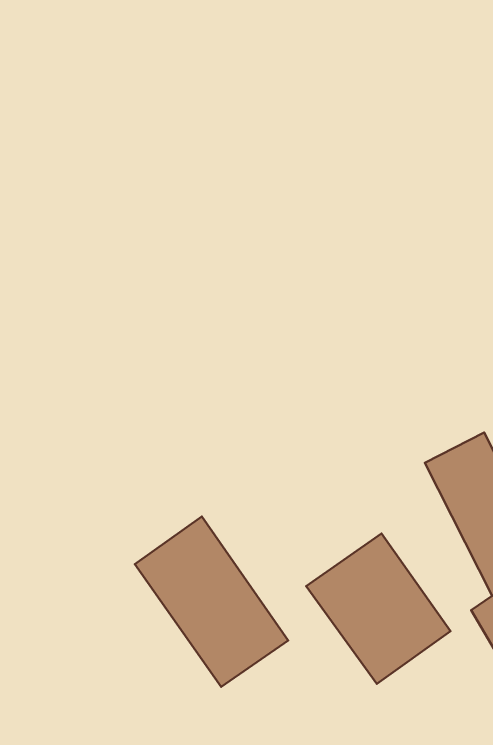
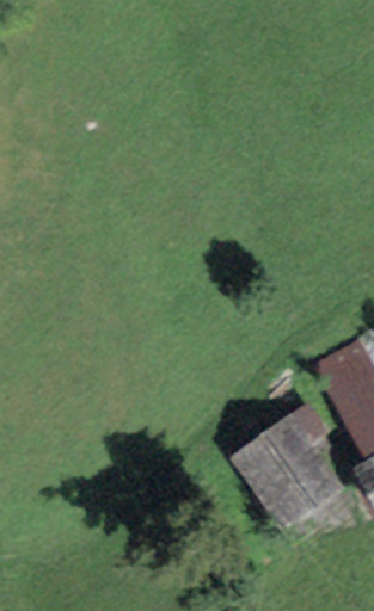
building: [135,517,288,687] -> none

